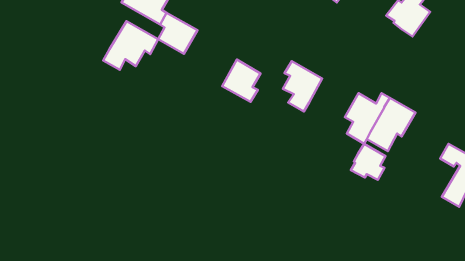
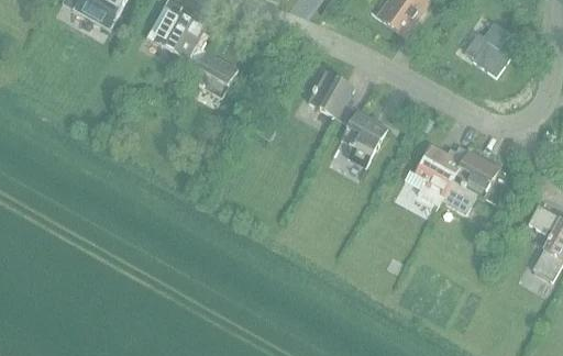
building: [103,21,158,70] -> none
building: [222,60,261,102] -> [308,69,354,120]
building: [351,144,386,180] -> none

